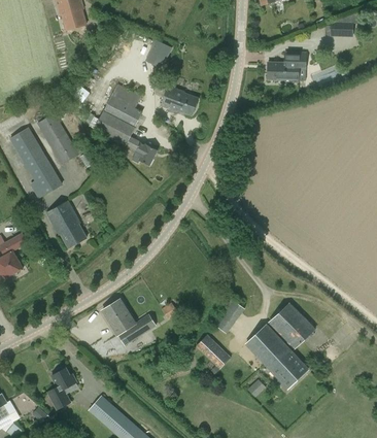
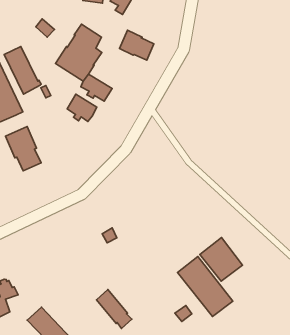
building: [267,52,305,82] -> none
building: none -> [67,94,97,122]
building: [101,299,155,345] -> none
building: [213,299,244,333] -> none
building: [195,334,235,375] -> [96,289,132,329]

